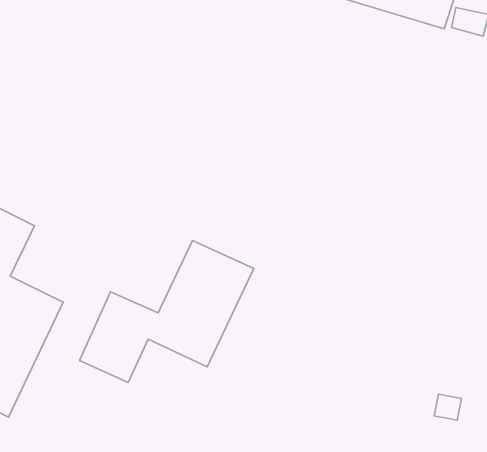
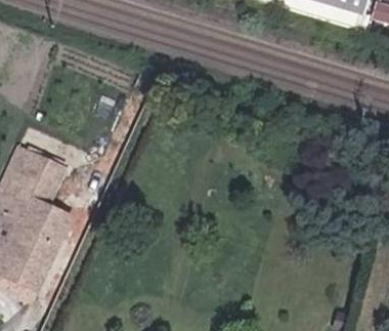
building: [80,241,254,382] -> none

